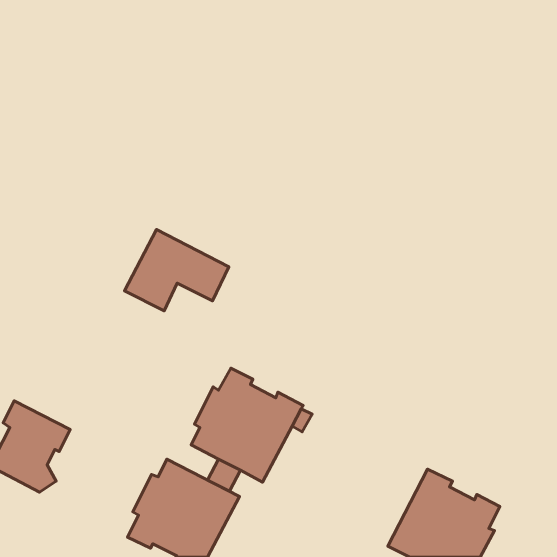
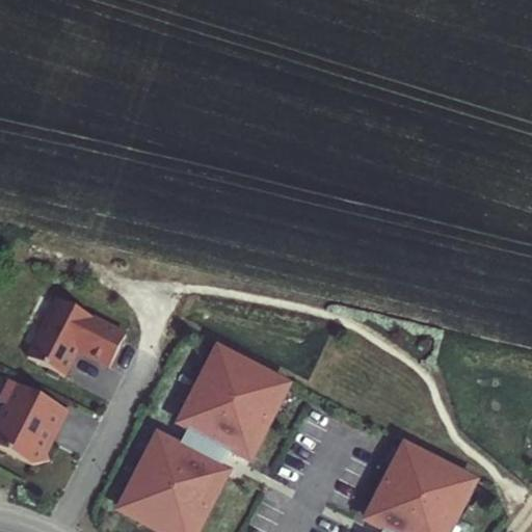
building: [124,229,229,311] -> [27,296,126,373]

